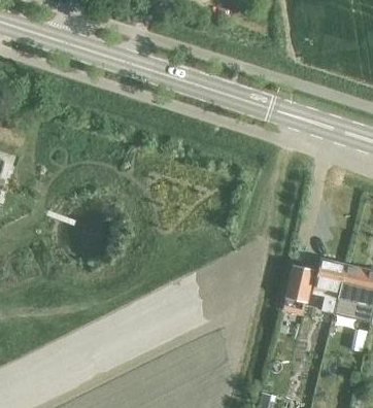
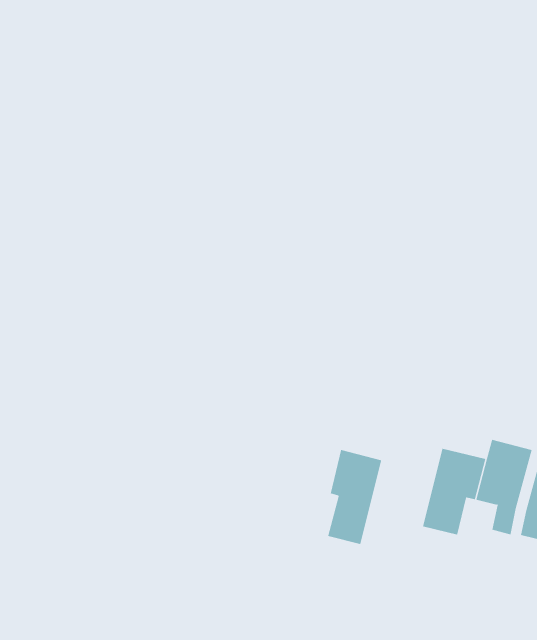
building: none -> [328,449,382,545]

